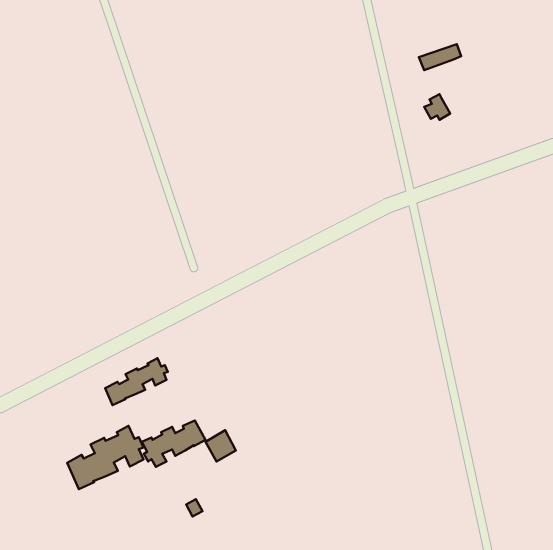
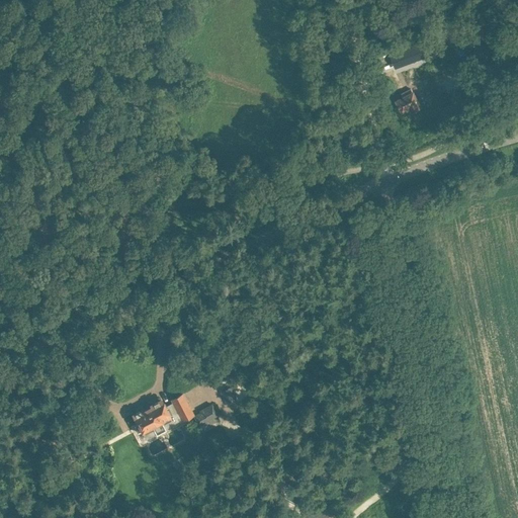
building: [105,358,168,405] -> none
building: [67,426,143,489] -> none

